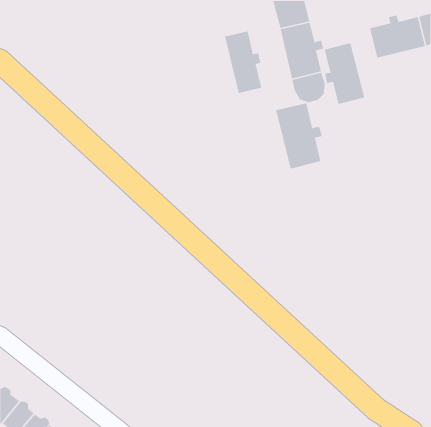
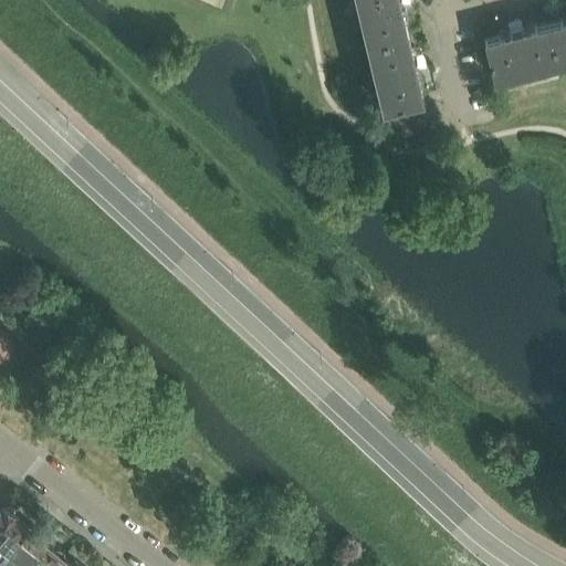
building: [224,31,262,94] -> none
building: [324,42,365,105] -> none
building: [275,103,323,170] -> none

